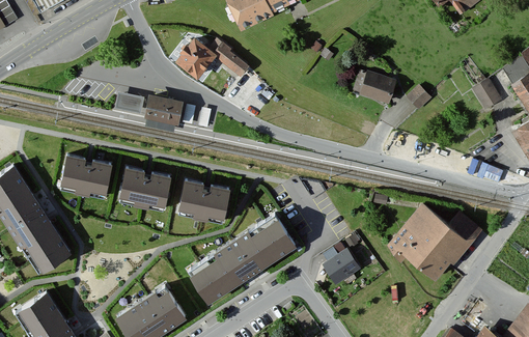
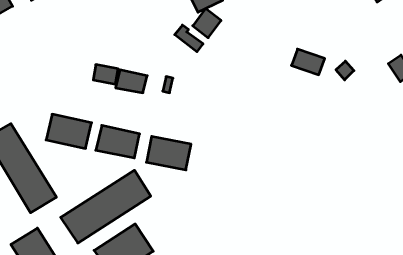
building: [179,40,214,76] -> [193,9,221,38]
building: [394,207,476,278] -> none
building: [192,215,301,303] -> [61,170,151,243]
building: [321,249,360,286] -> none

